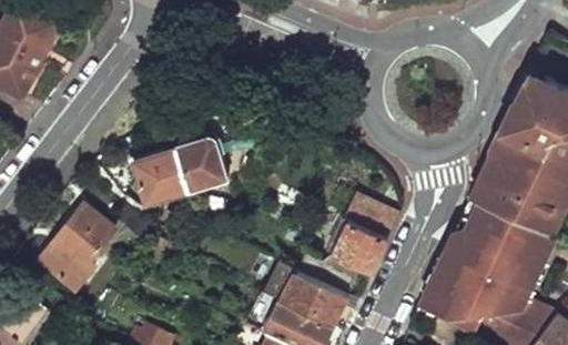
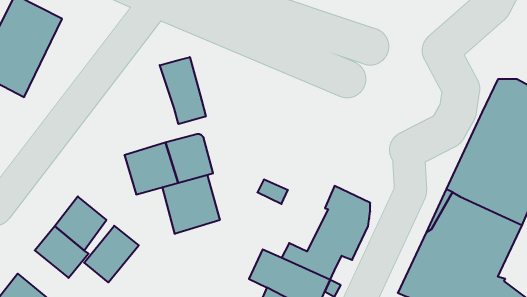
building: none -> [160,57,206,124]
building: none -> [163,175,220,234]
building: none -> [84,226,139,282]

